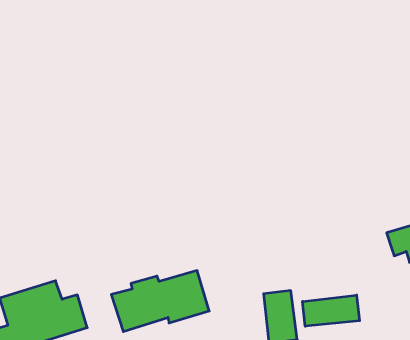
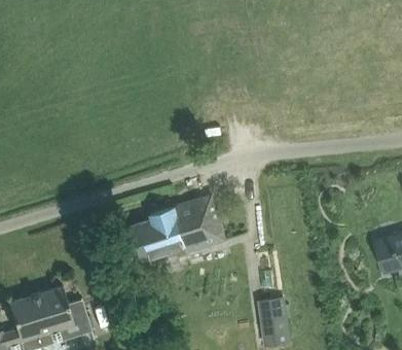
building: [111,271,209,332] -> [132,203,224,260]
building: [303,295,360,326] -> none

